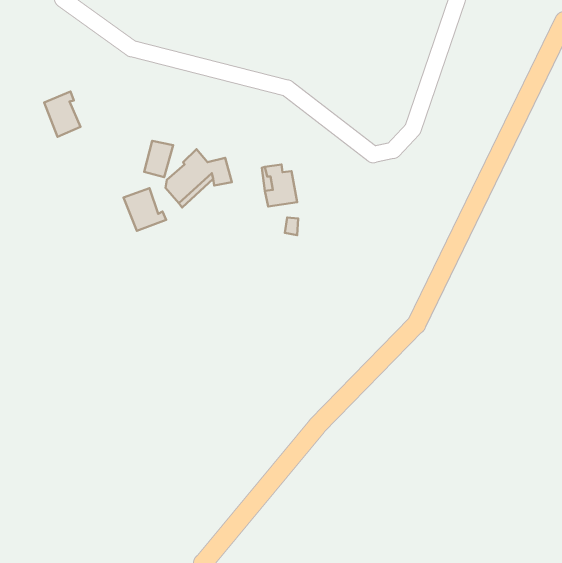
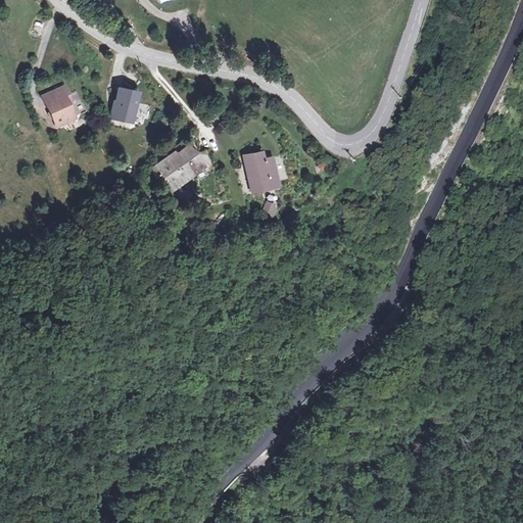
building: [144,141,173,177] -> [112,87,139,121]
building: [124,188,166,231] -> none

